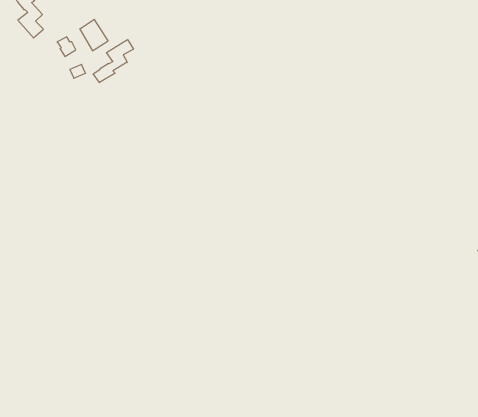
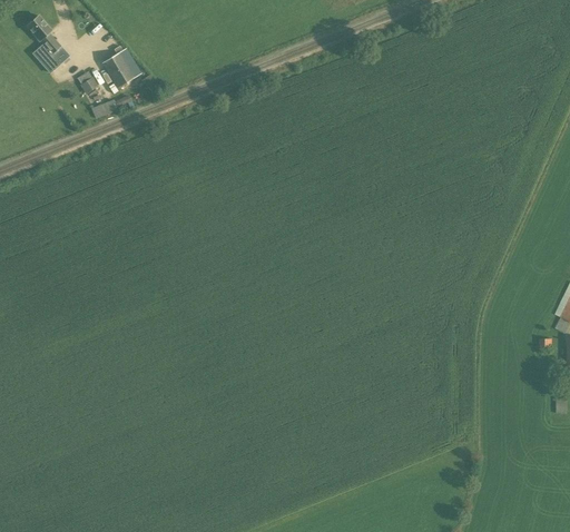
building: [93,40,133,83] -> none

